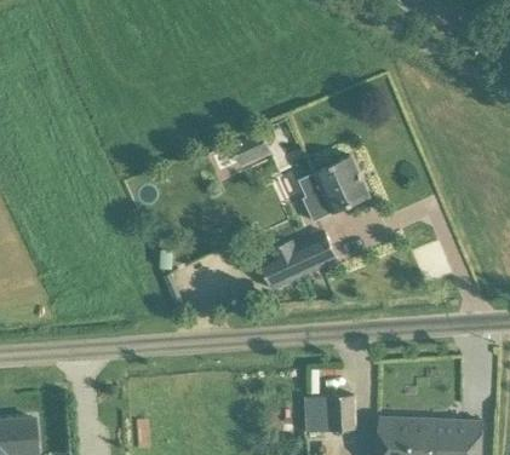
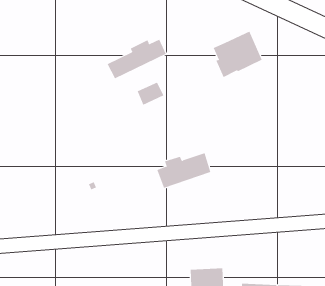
building: none -> [107,39,167,79]
building: [298,156,368,223] -> [213,31,263,78]

